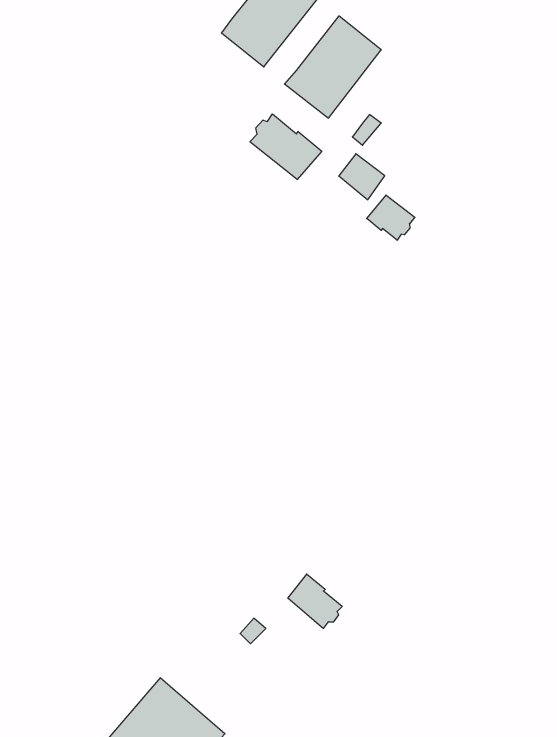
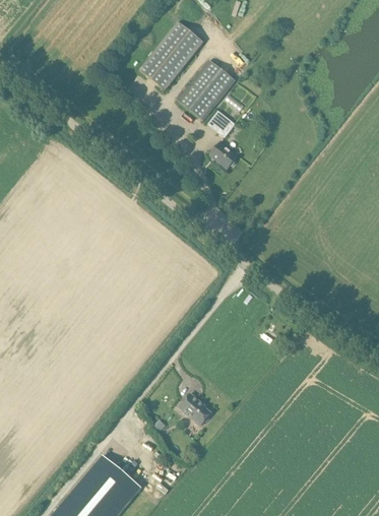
building: [250,114,322,180] -> none
building: [367,195,415,240] -> none

